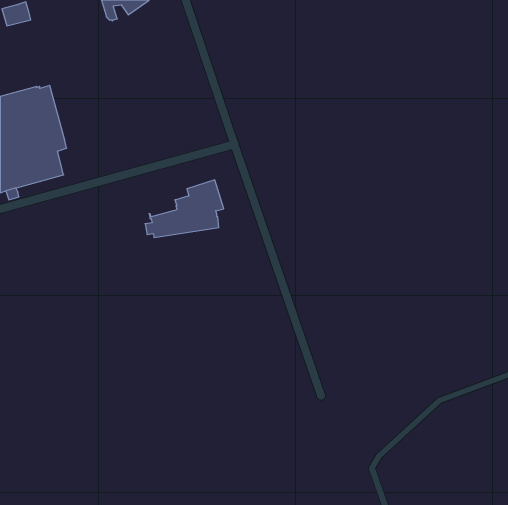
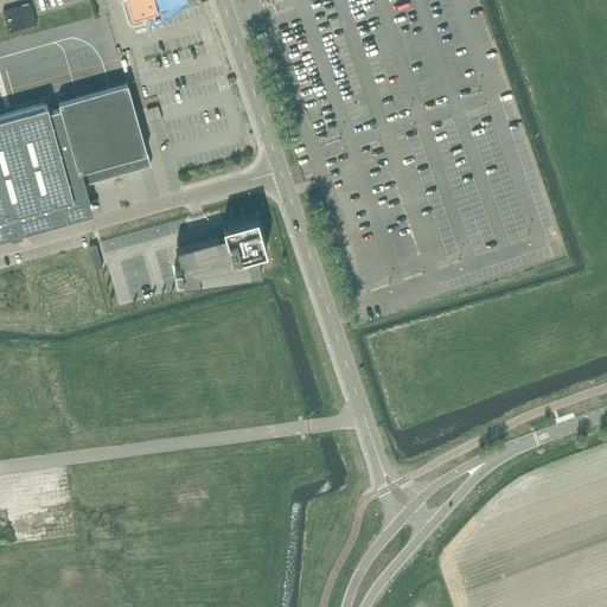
building: none -> [58,83,151,187]

